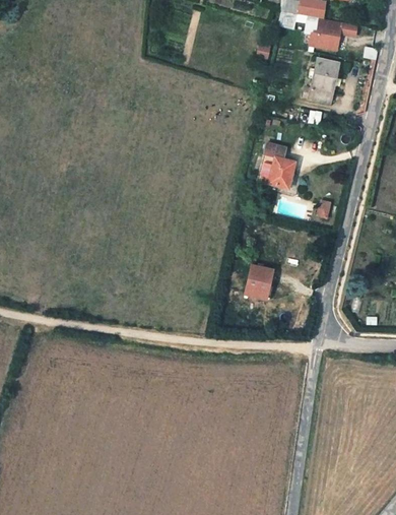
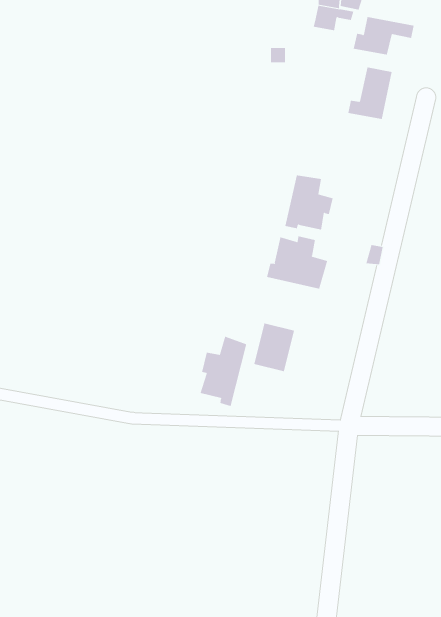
building: none -> [266,236,328,289]
building: none -> [200,336,247,407]

